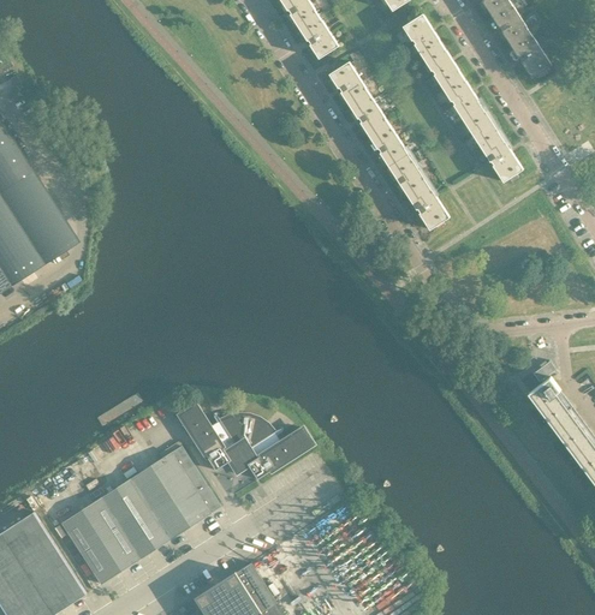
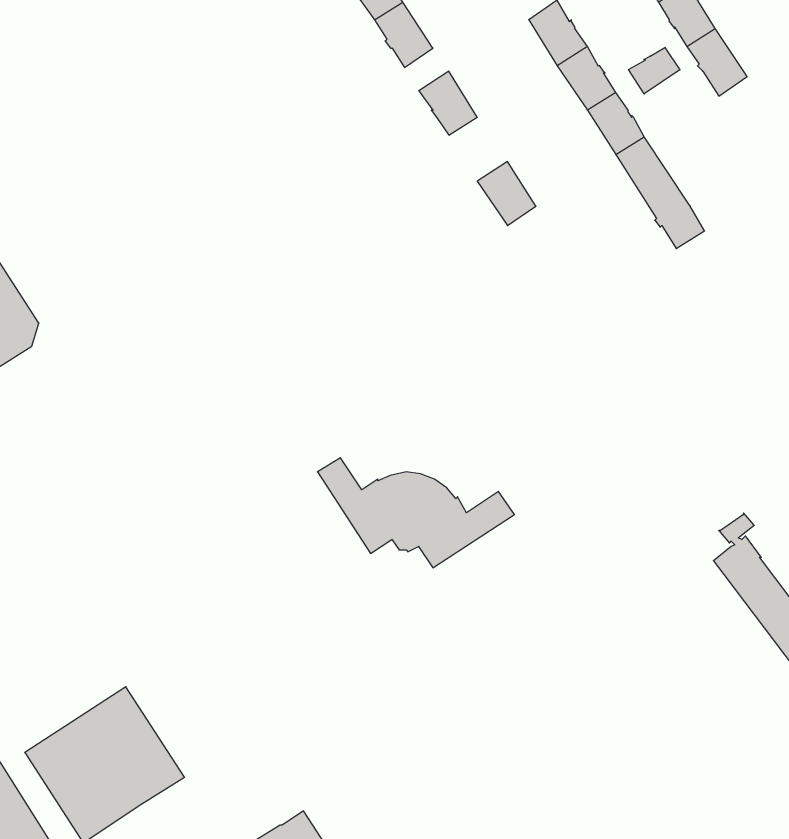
building: none -> [629,47,680,94]
building: [349,92,388,136] -> none
building: [388,153,448,229] -> none
building: [179,405,313,479] -> [317,458,514,568]
building: [130,447,220,539] -> none

